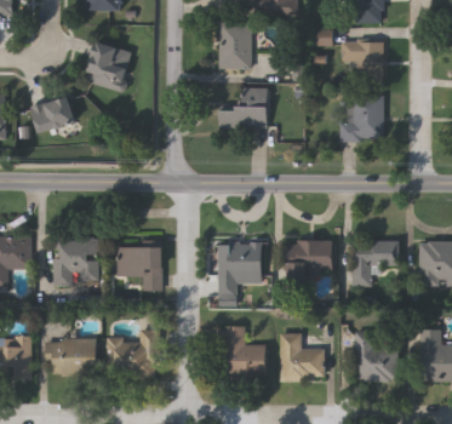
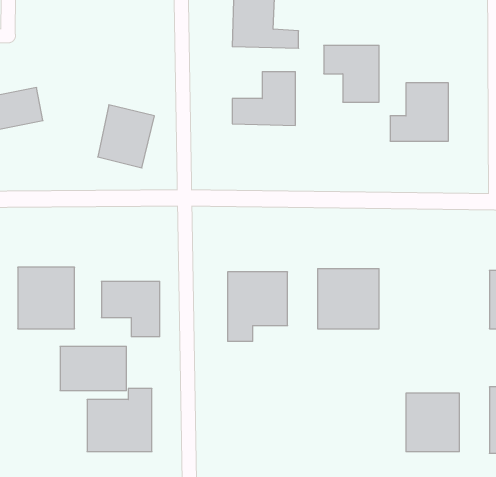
building: [343,40,385,84] -> [324,45,379,102]
building: [87,42,131,91] -> [98,105,154,168]
building: [349,237,397,283] -> none
building: [223,323,264,376] -> none
building: [278,331,321,378] -> none
building: [46,339,97,373] -> [60,346,126,391]

